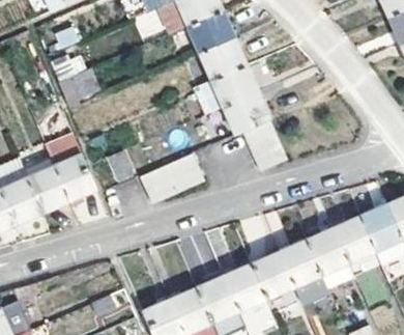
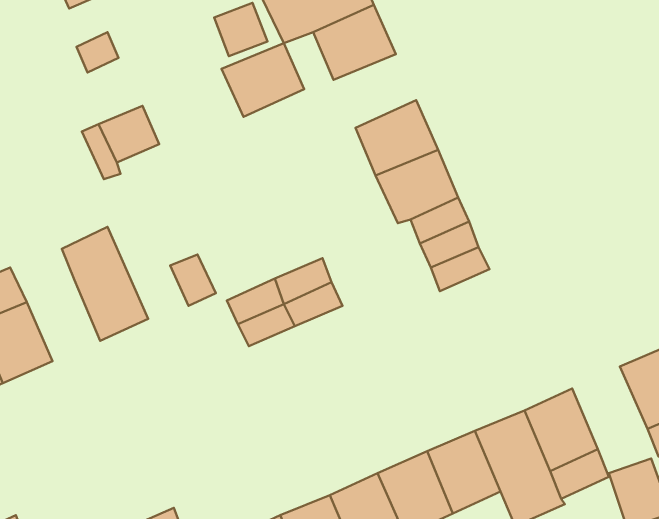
building: [199,38,246,80] -> [221,43,304,117]
building: [26,166,67,212] -> none
building: [334,215,376,261] -> none

